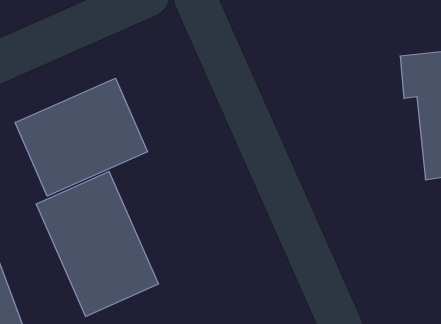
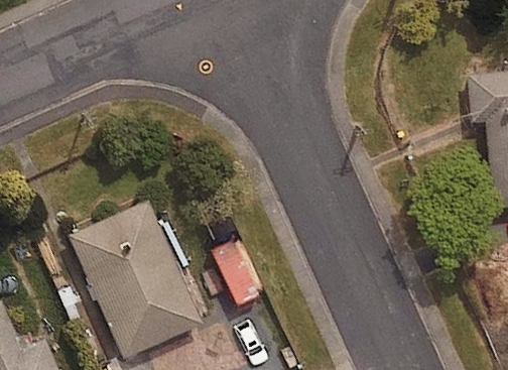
building: [15,78,147,196] -> none

